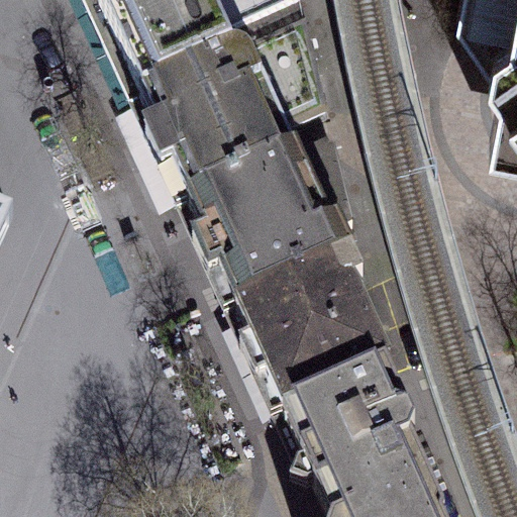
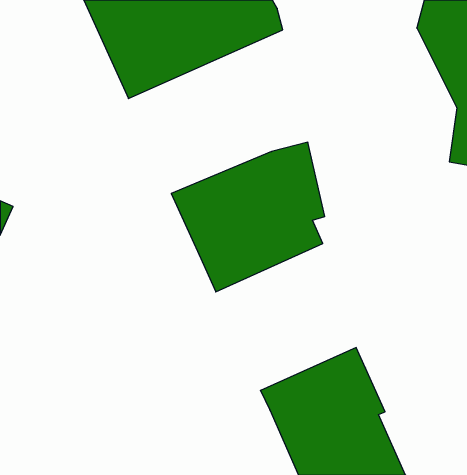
building: [148,32,338,210] -> none
building: [243,265,399,424] -> none

